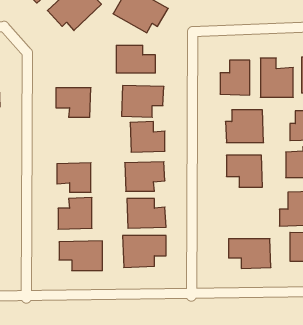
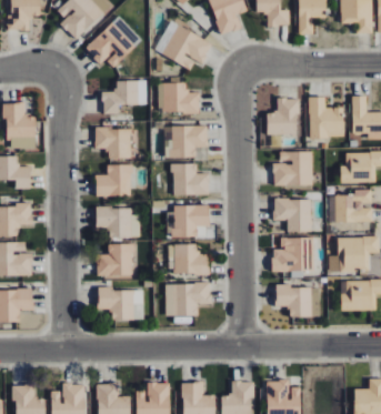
building: none -> [102,80,147,114]
building: none -> [96,165,132,196]
building: none -> [273,238,311,271]

